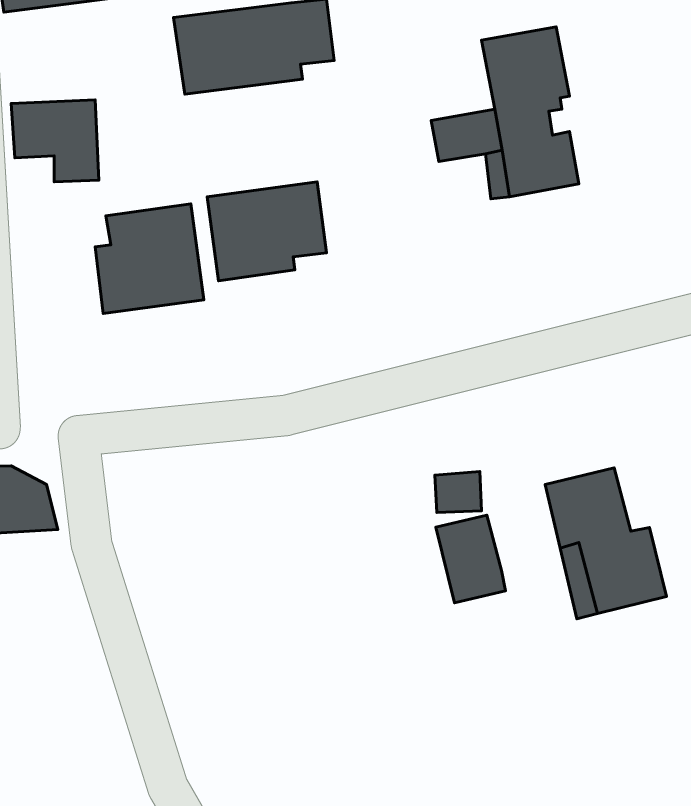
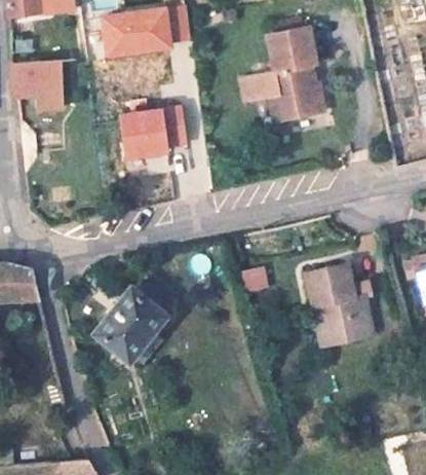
building: [95,204,204,314] -> none
building: none -> [96,286,165,352]
building: [436,515,505,603] -> none

